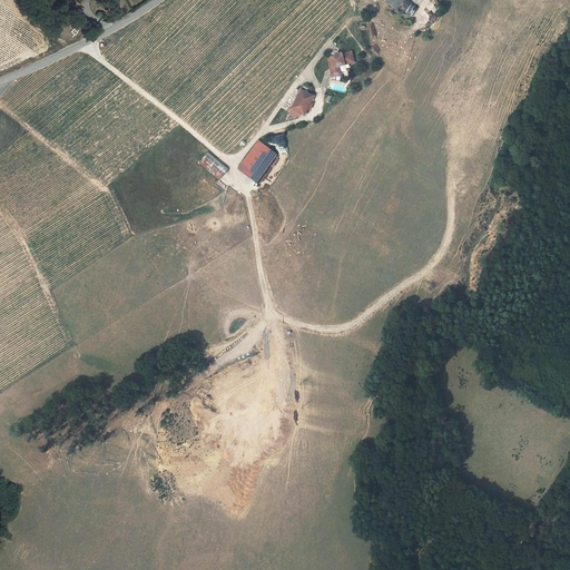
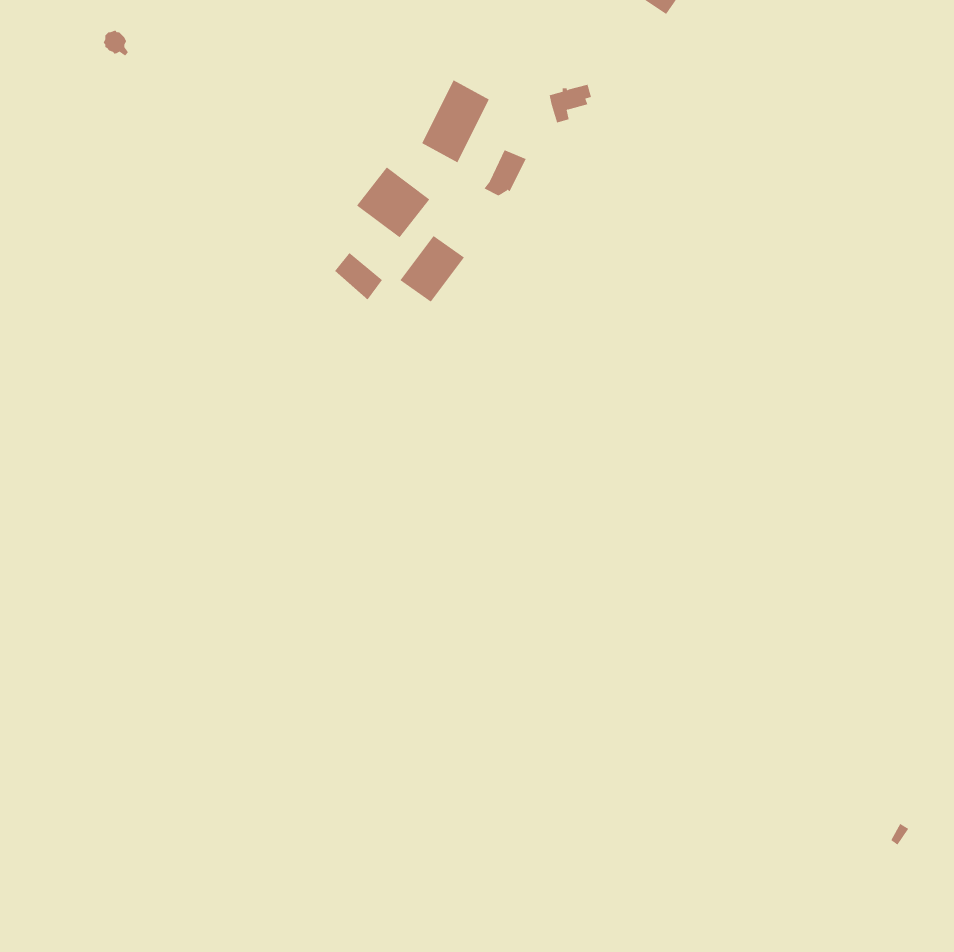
building: none -> [421,79,490,163]
building: none -> [356,167,430,238]

